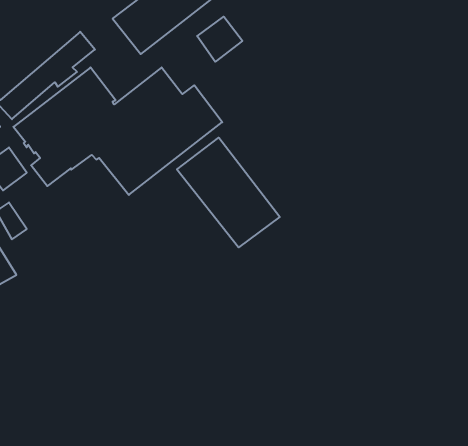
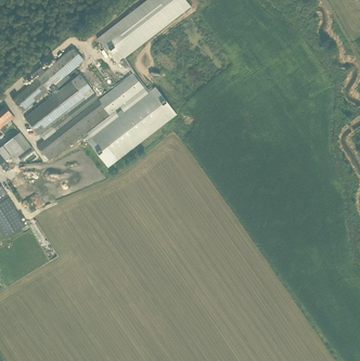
building: [197,17,242,62] -> none
building: [177,138,280,247] -> none

